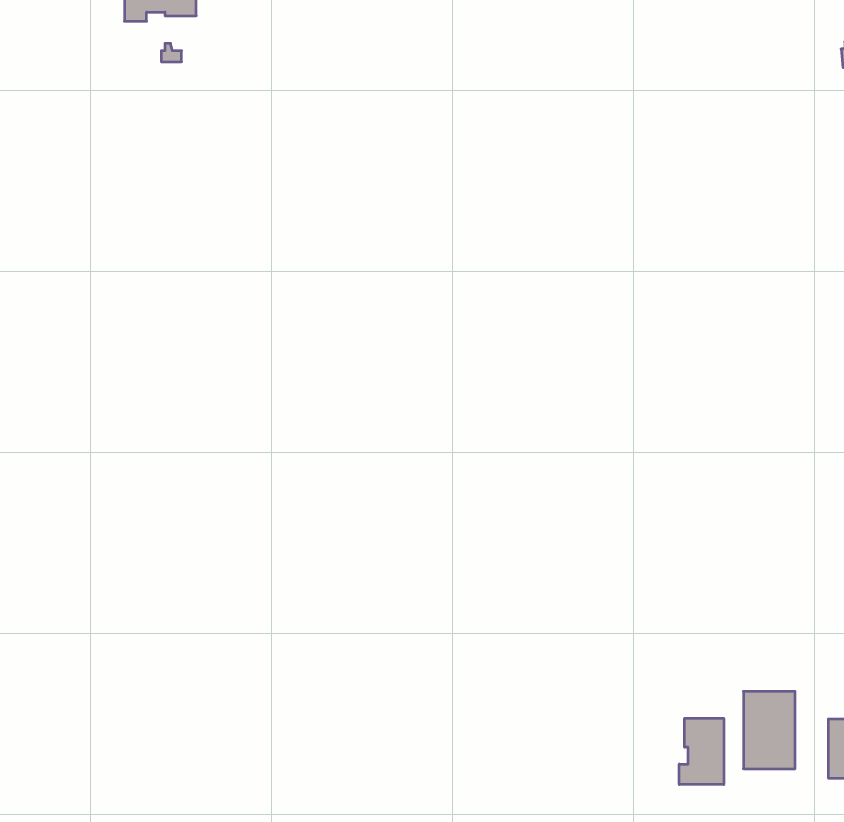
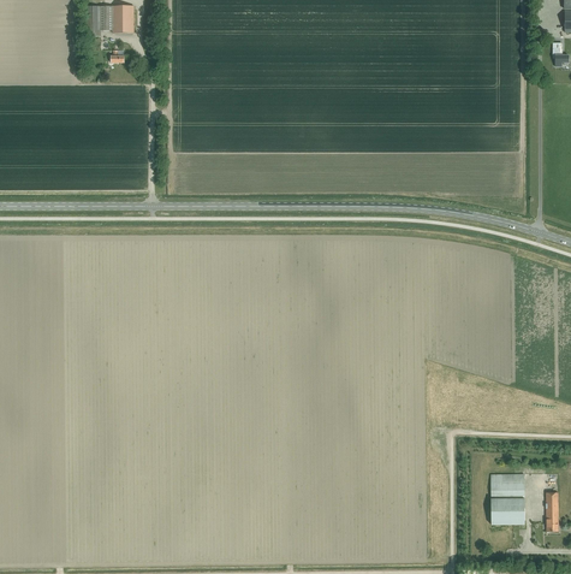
building: [679,718,724,785] -> none

